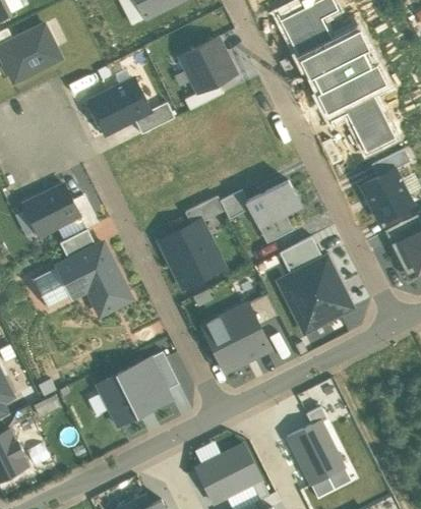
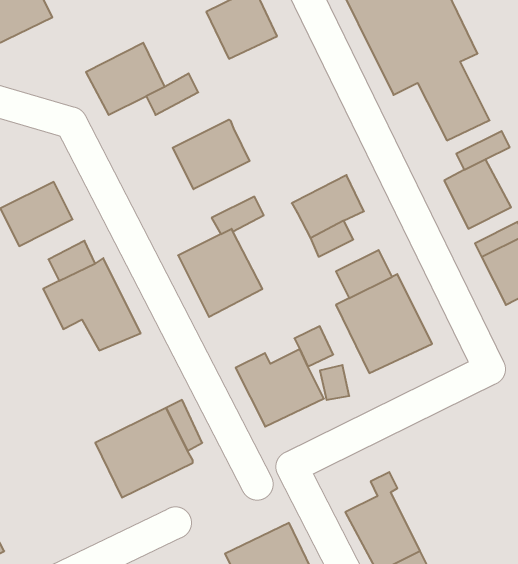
building: none -> [173,120,250,189]
building: [220,189,250,219] -> none
building: [34,267,72,308] -> none

